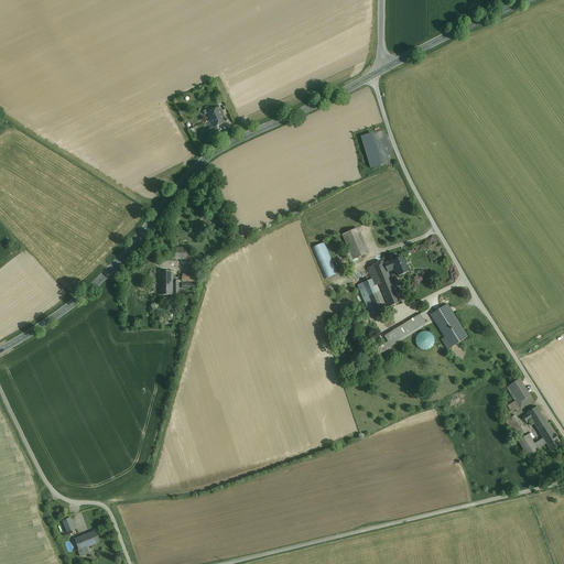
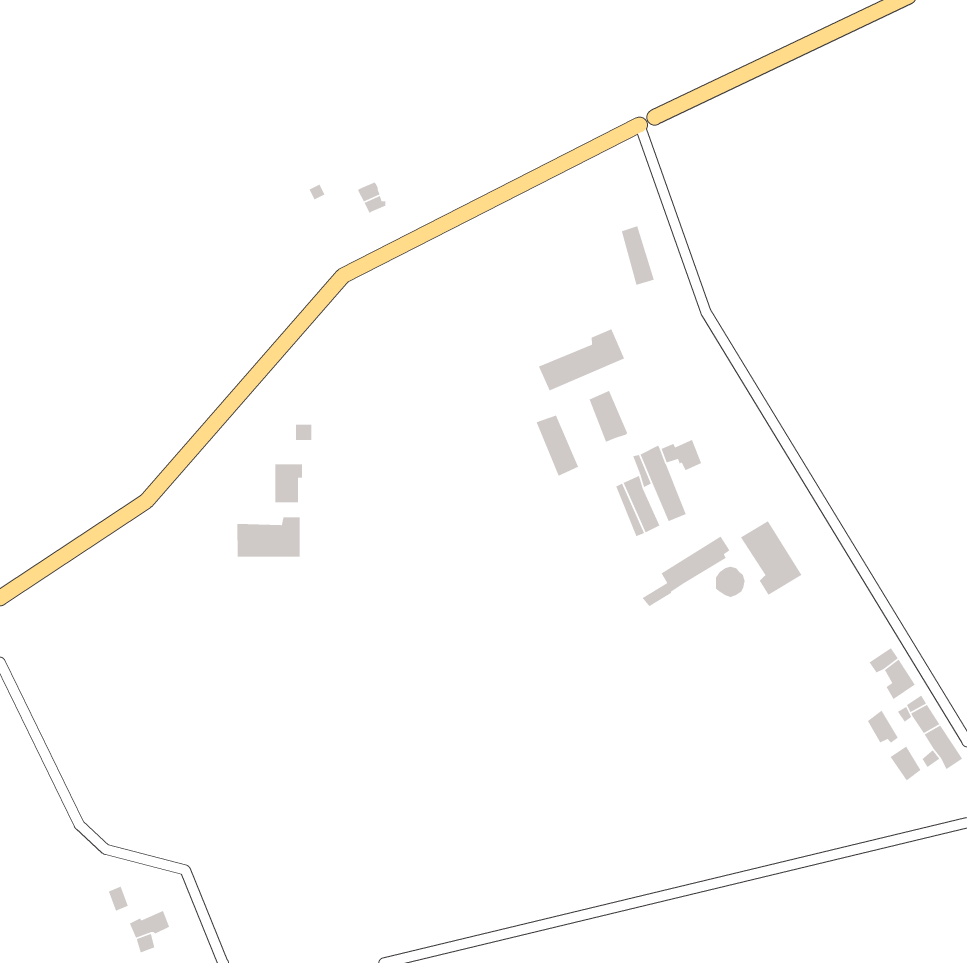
building: none -> [538,328,625,391]
building: none -> [237,517,301,557]

